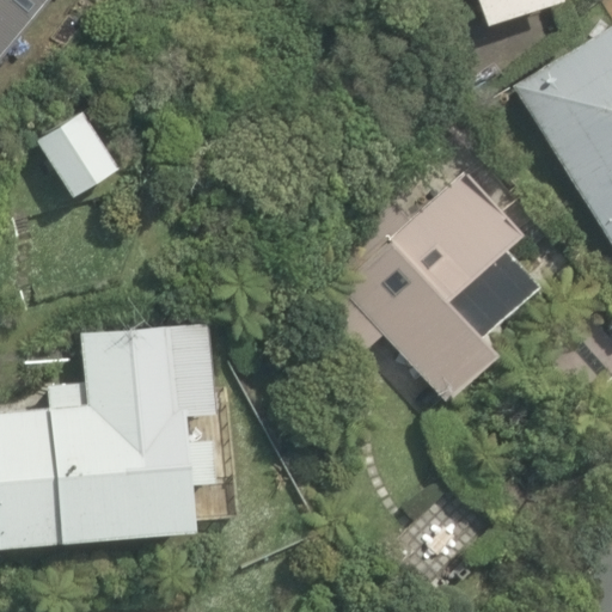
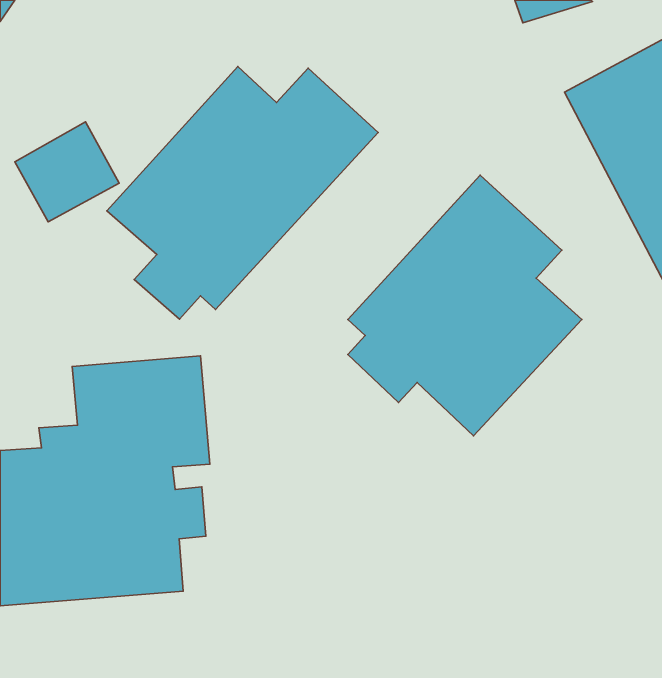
building: none -> [107,66,378,319]

